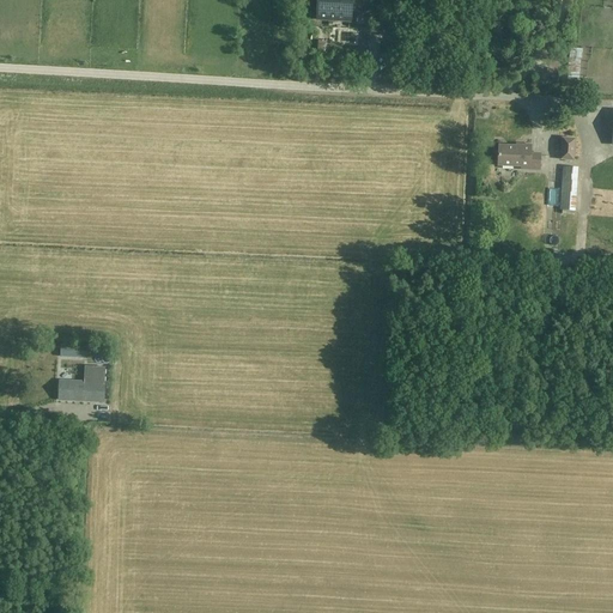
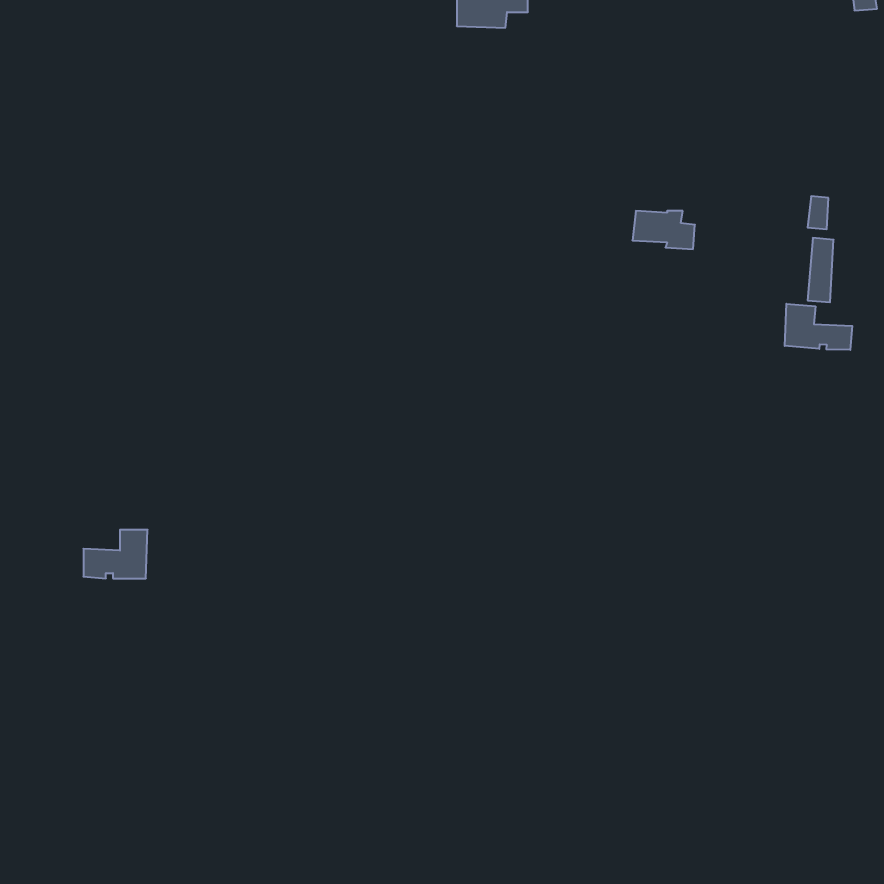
building: [493,142,536,169] -> [632,211,695,249]
building: none -> [785,304,852,350]

